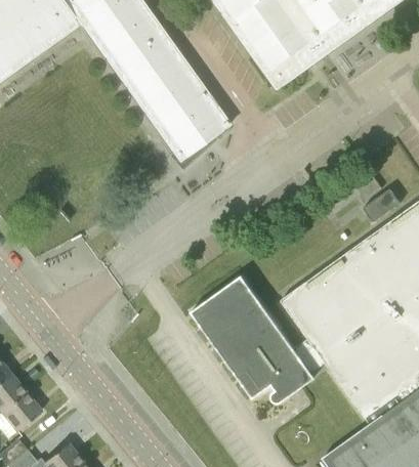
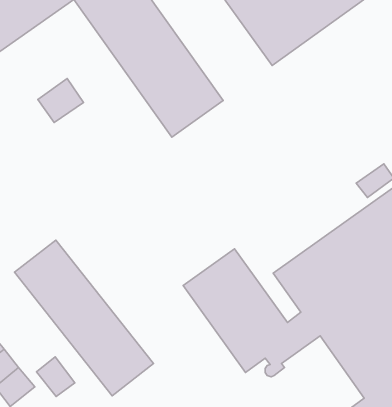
building: none -> [38,78,83,123]
building: none -> [14,240,153,396]
building: none -> [37,357,75,397]

